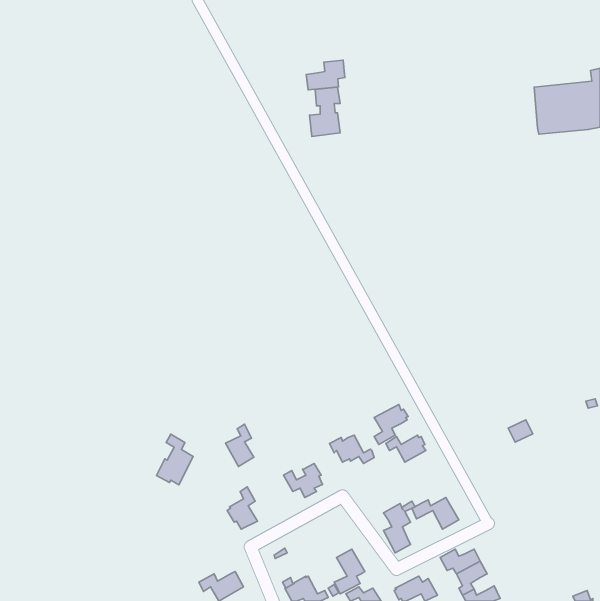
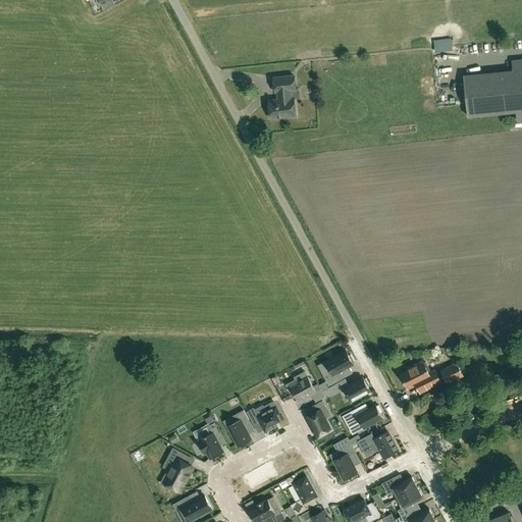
building: [306,60,345,90] -> none
building: none -> [401,361,440,393]
building: [226,424,254,467] -> [226,410,251,447]
building: [157,434,193,485] -> [160,448,192,491]
building: none -> [306,401,329,437]
building: none -> [342,405,382,428]

